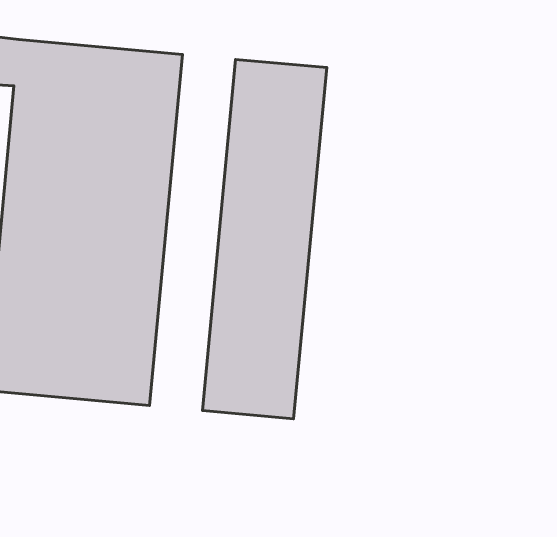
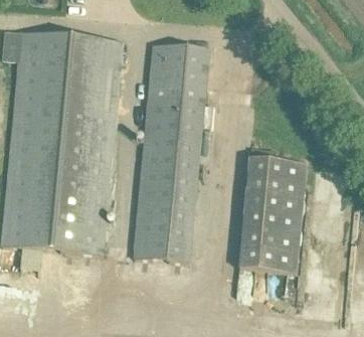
building: none -> [239,157,305,273]

